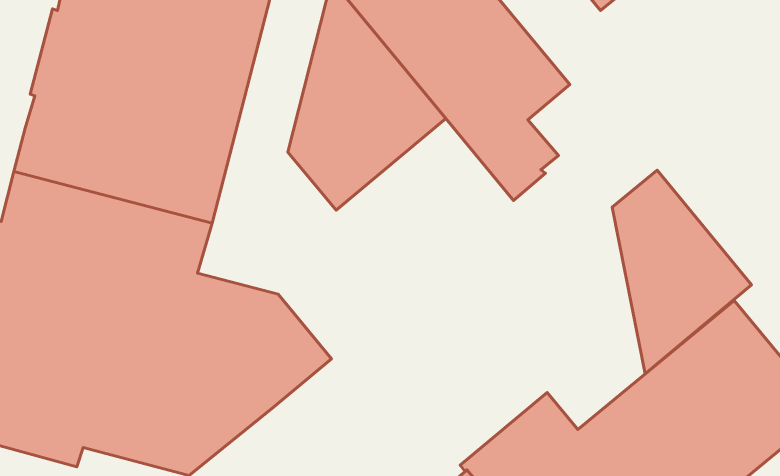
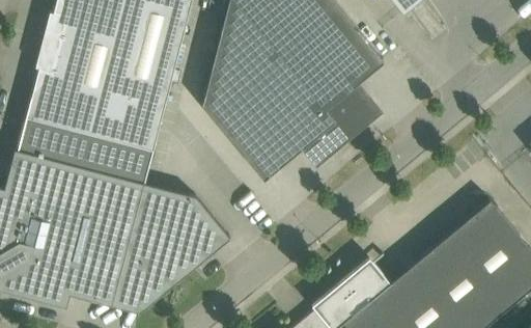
building: none -> [233,84,347,181]
building: [612,170,751,374] -> none

